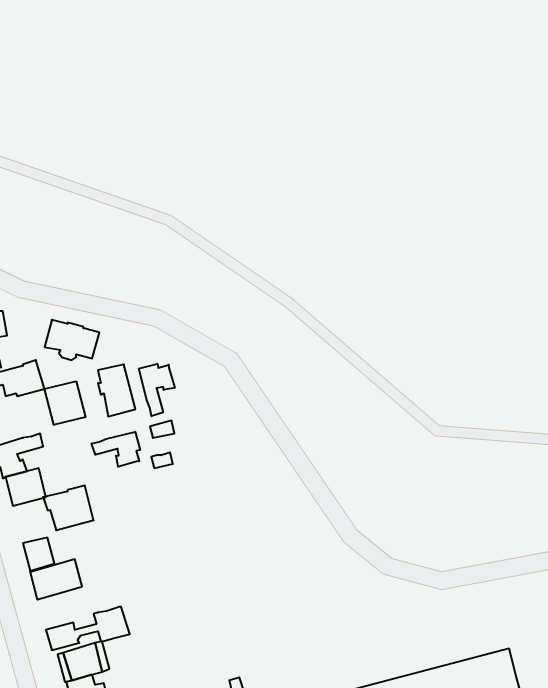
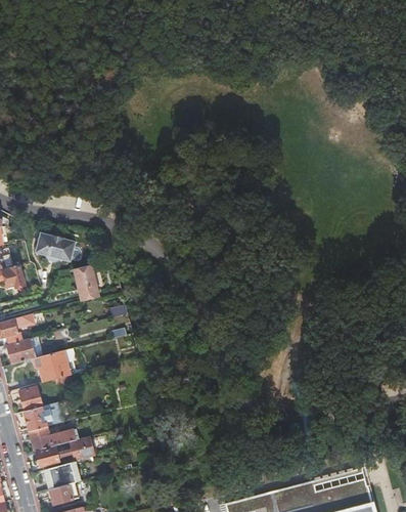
building: [139,364,175,416] -> none
building: [45,381,85,425] -> none
building: [92,432,140,467] -> none
building: none -> [30,426,79,452]

